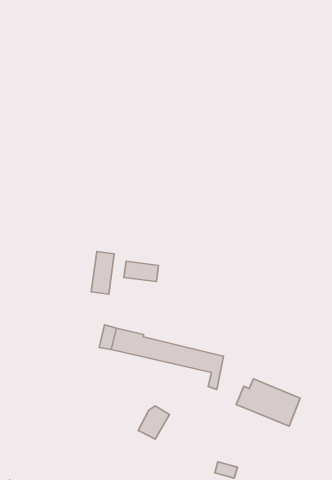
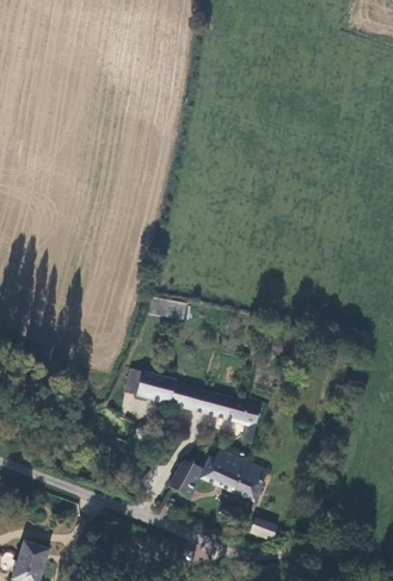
building: [91,251,114,294] -> none
building: [236,379,300,426] -> [198,449,269,501]

